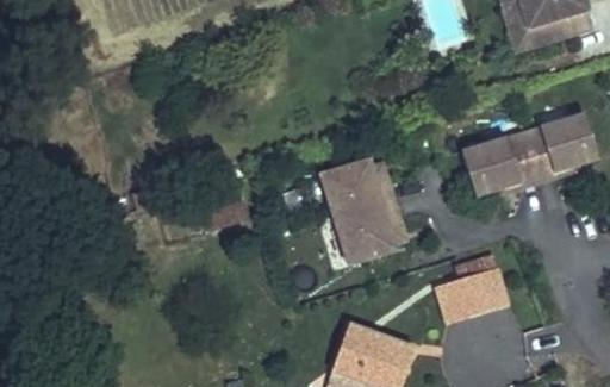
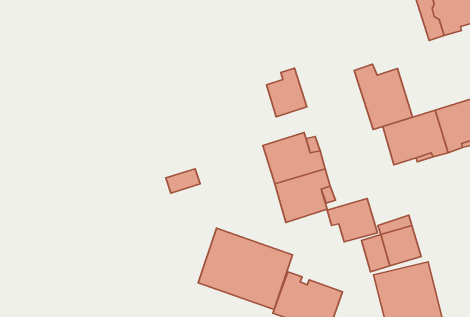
building: none -> [354,64,413,129]
building: none -> [267,68,307,117]
building: none -> [327,199,377,242]
building: none -> [198,228,293,309]

